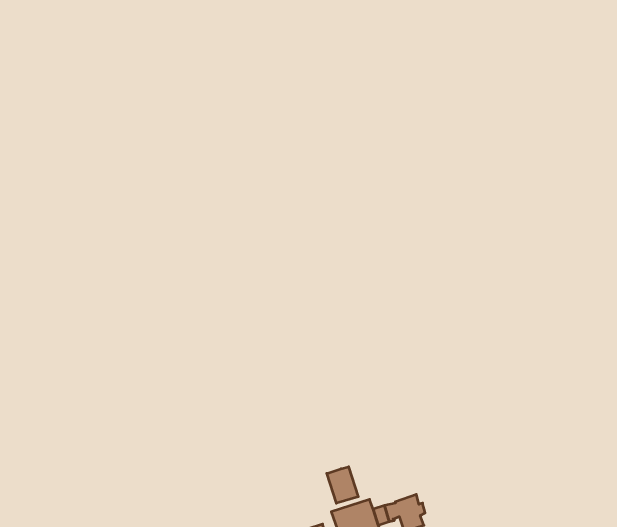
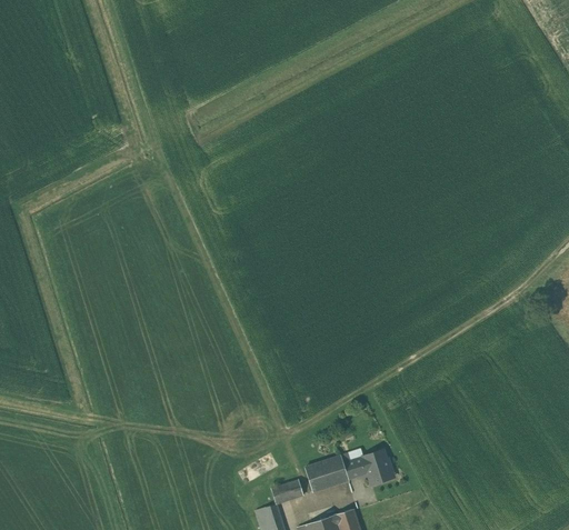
building: [327,467,358,503] -> none

